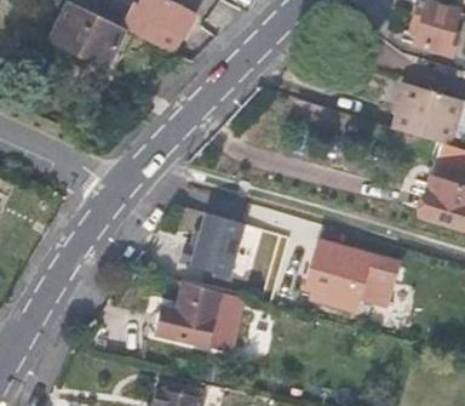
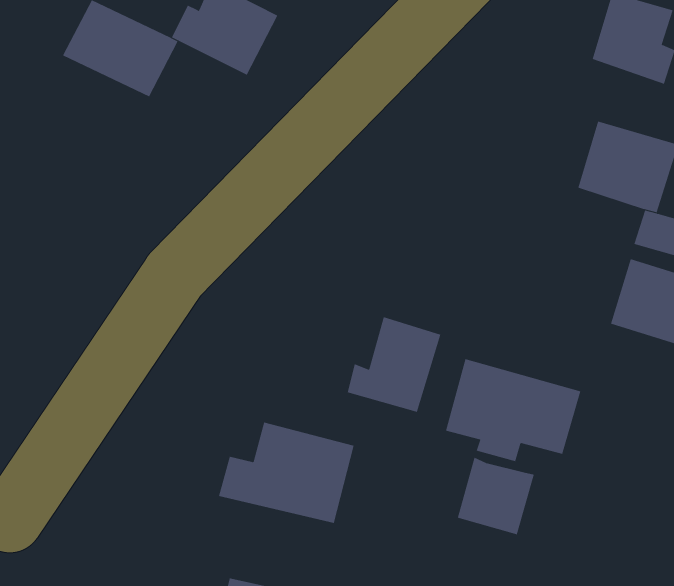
building: [179,212,242,276] -> [347,316,441,413]
building: none -> [457,457,534,535]

